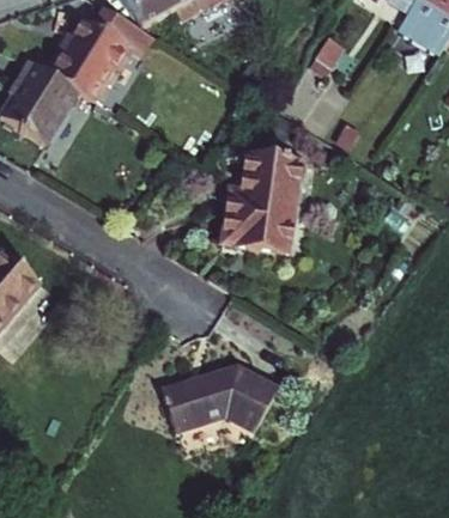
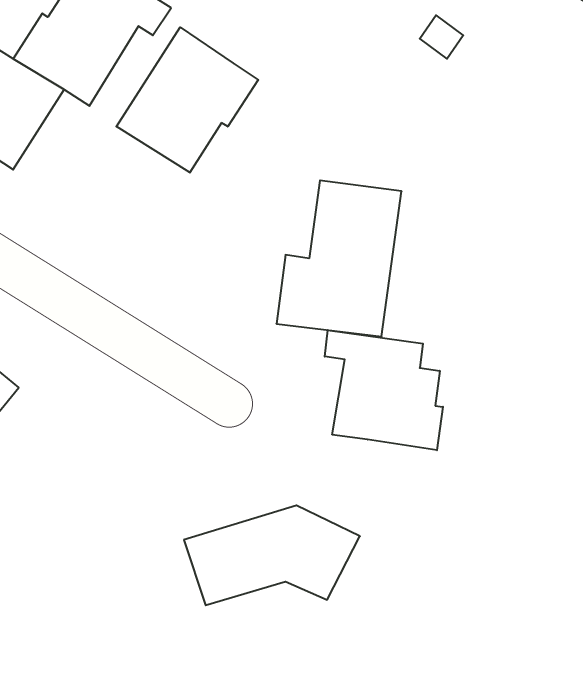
building: none -> [116,27,258,173]
building: none -> [325,330,443,450]

